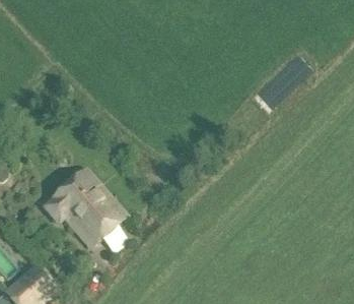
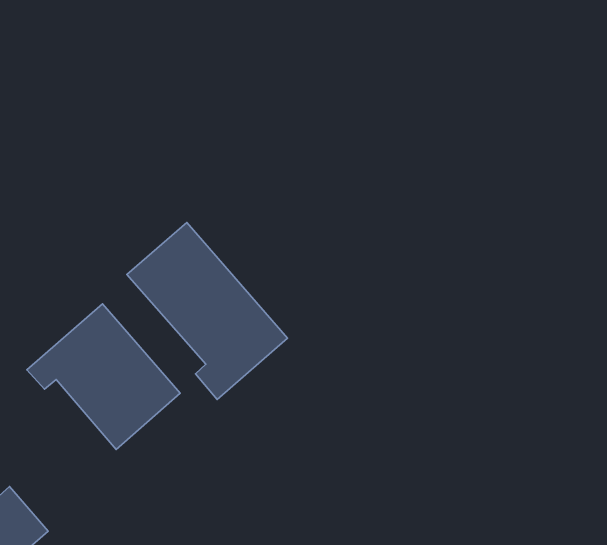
building: none -> [127,223,288,400]

